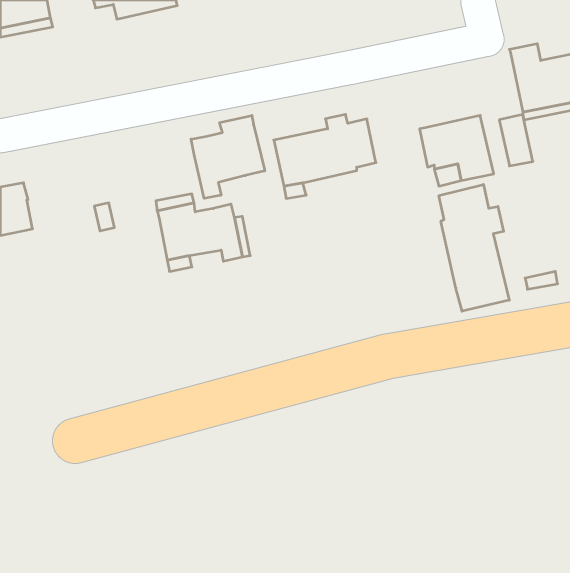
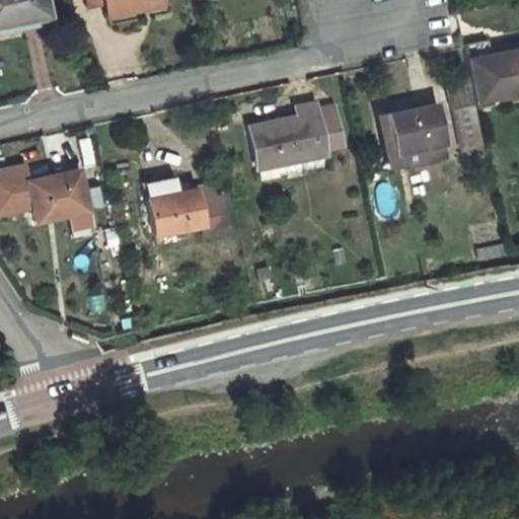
building: [191,115,265,198] -> none
building: [439,184,509,311] -> none
building: none -> [27,169,87,222]

